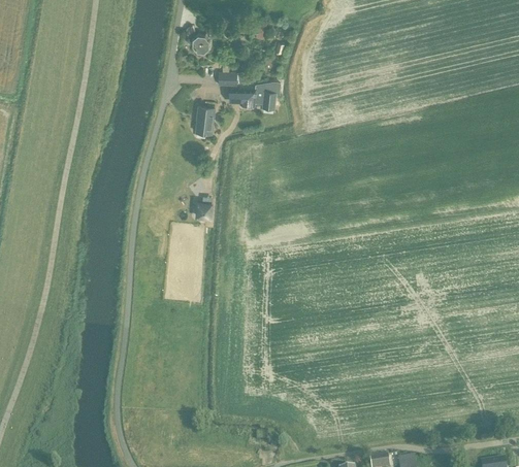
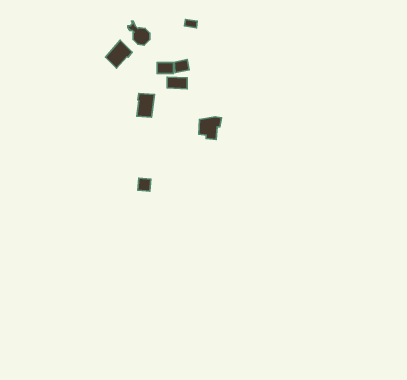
building: none -> [105,40,132,68]
building: [254,82,280,108] -> [199,117,222,140]

